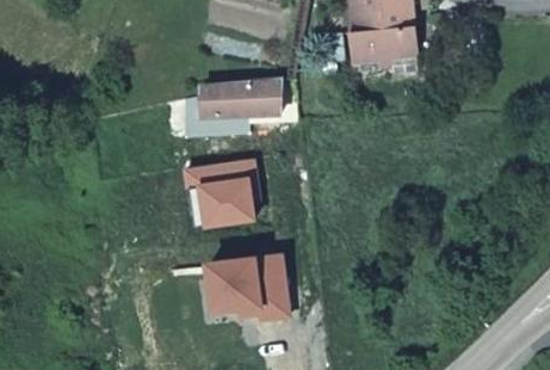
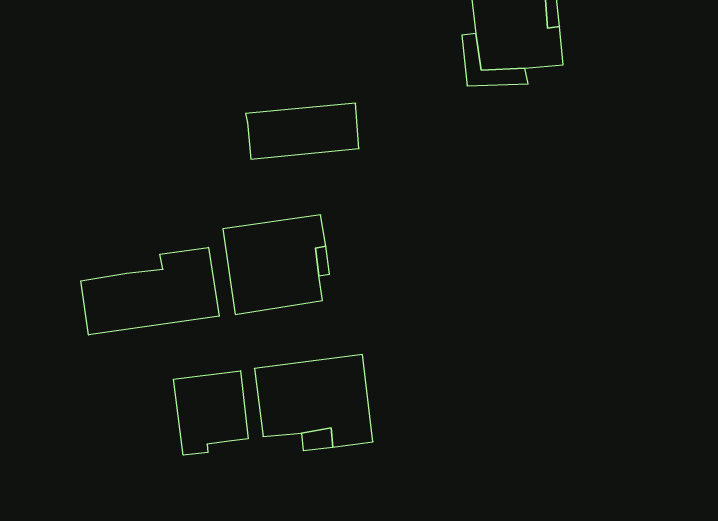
building: none -> [81,247,219,335]
building: none -> [174,371,248,455]

